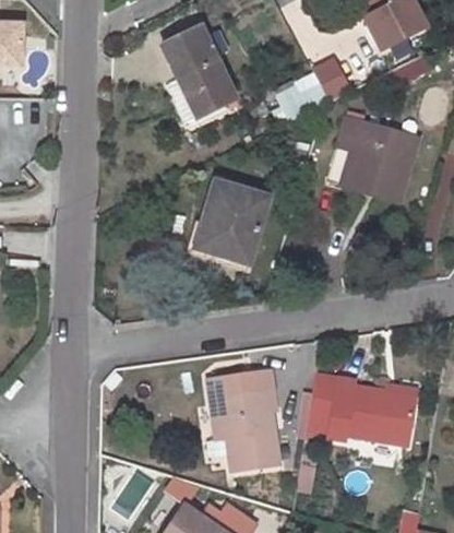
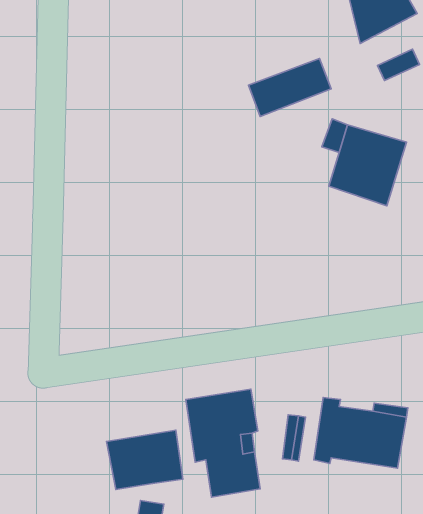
building: [164,25,237,118] -> none
building: [195,182,267,263] -> none
building: none -> [106,430,183,490]

